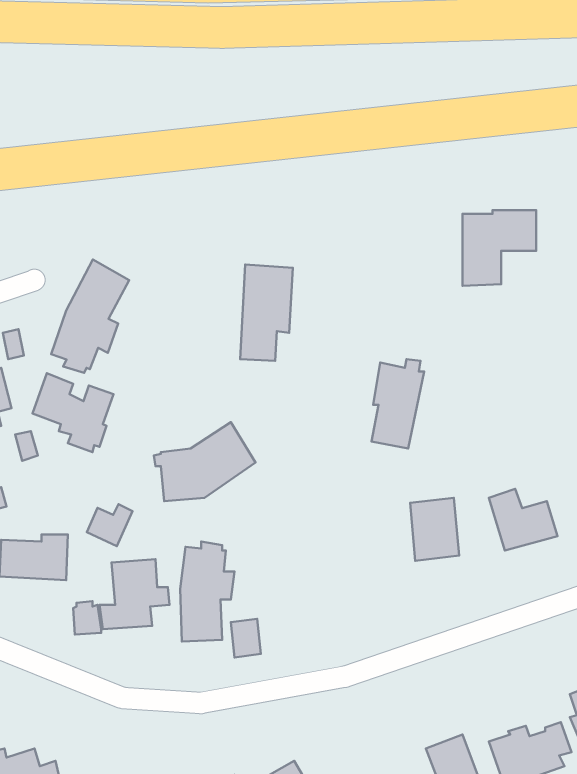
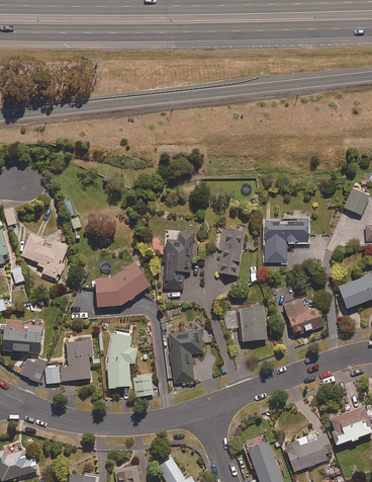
building: [463,210,536,286] -> [265,219,307,262]
building: [51,260,129,373] -> none
building: [240,264,293,361] -> [163,233,193,289]
building: [87,504,133,546] -> [20,357,46,382]
building: none -> [166,330,202,382]

